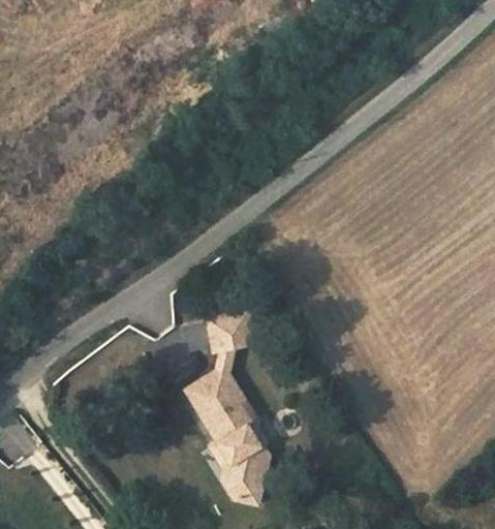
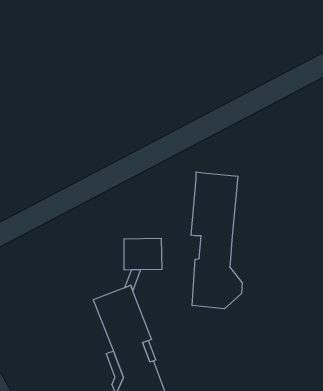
building: none -> [191,172,242,309]

